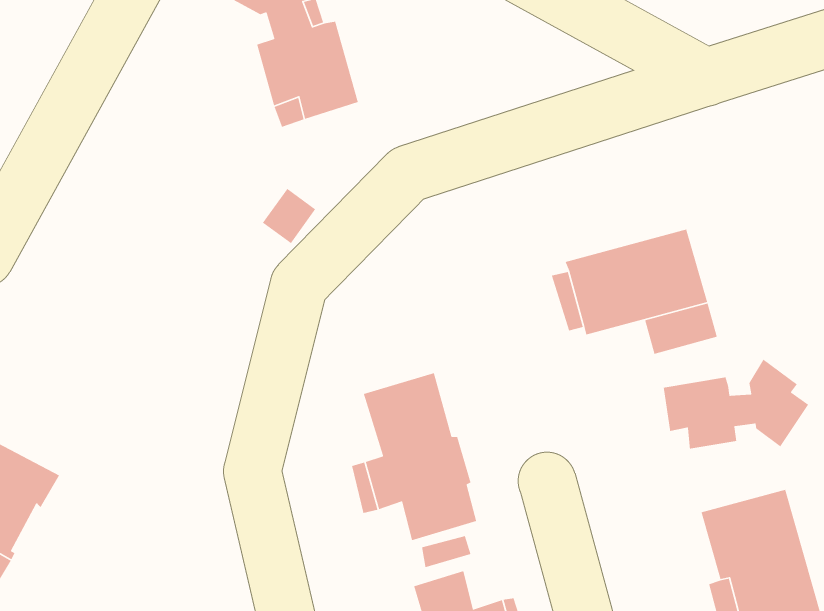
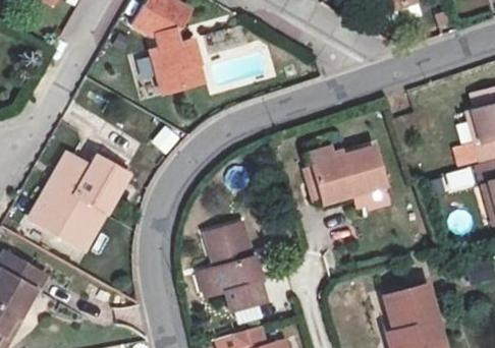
building: none -> [29,158,126,249]
building: [663,358,809,450] -> none

